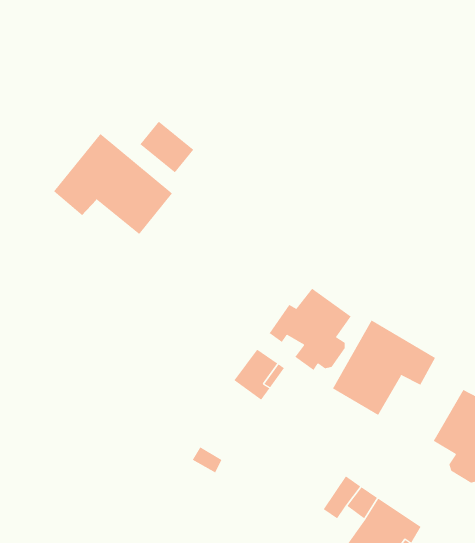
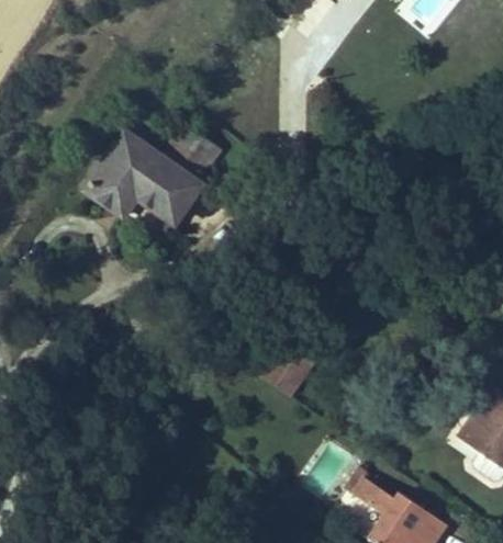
building: [269,288,351,371] -> none
building: [332,319,436,416] -> none

